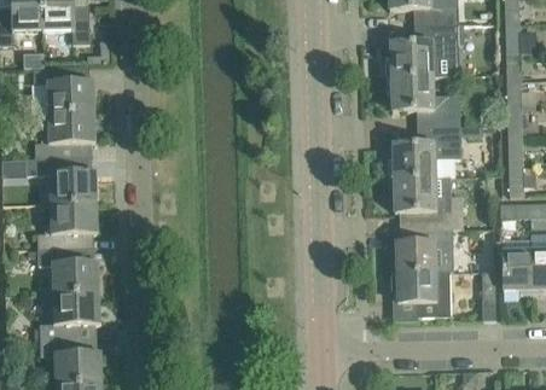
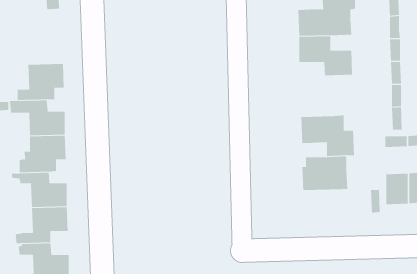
building: [33,56,94,112] -> none
building: [393,126,460,179] -> none
building: [391,270,451,318] -> none

